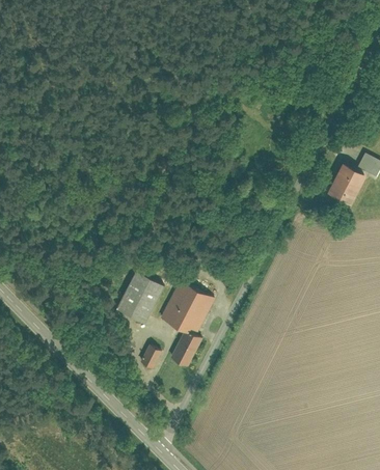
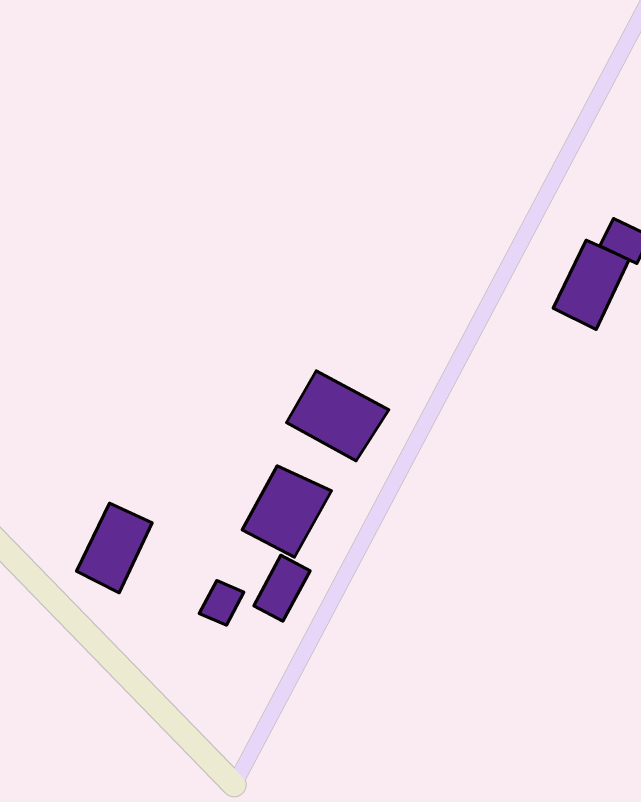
building: none -> [286,371,389,461]
building: [119,274,160,322] -> [76,503,152,593]

